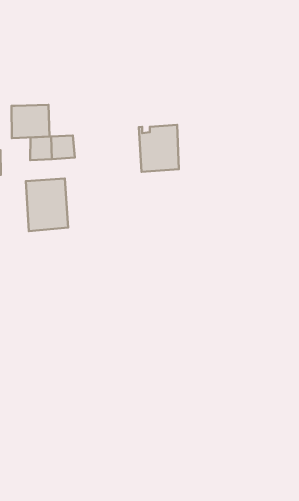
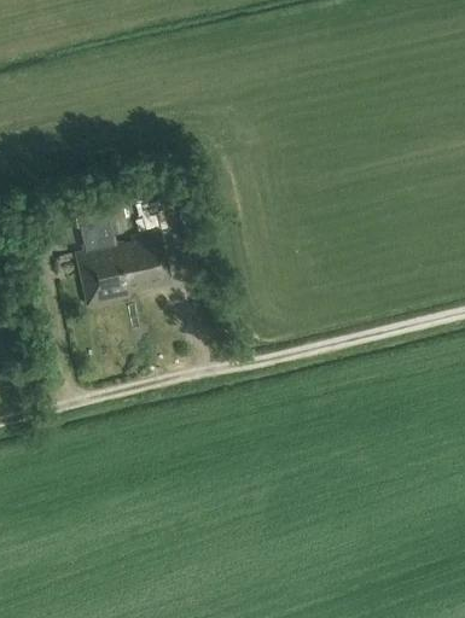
building: [12,105,49,138] -> none
building: [139,125,179,172] -> [120,234,172,293]

